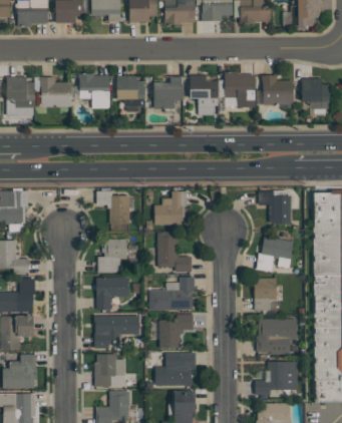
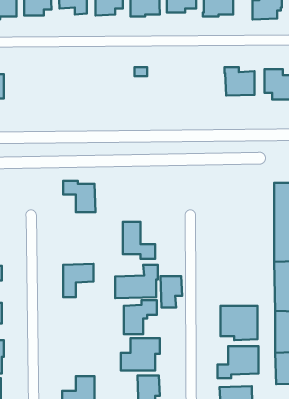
building: [225,70,255,106] -> none
building: [78,73,110,108] -> none
building: [190,74,218,114] -> none
building: [117,75,144,106] -> none
building: [40,76,72,106] -> none
building: [154,87,184,108] -> none
building: [258,190,290,225] -> none
building: [154,191,187,225] -> none
building: [256,237,293,271] -> none
building: [97,239,125,273] -> none
building: [254,279,276,311] -> [161,276,182,308]
building: [94,313,138,348] -> none
building: [93,355,125,388] -> none

